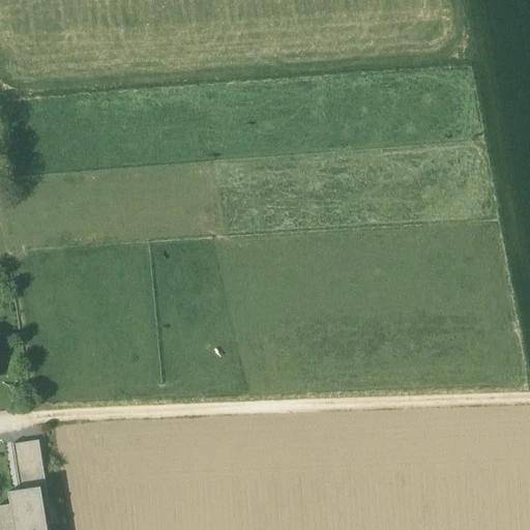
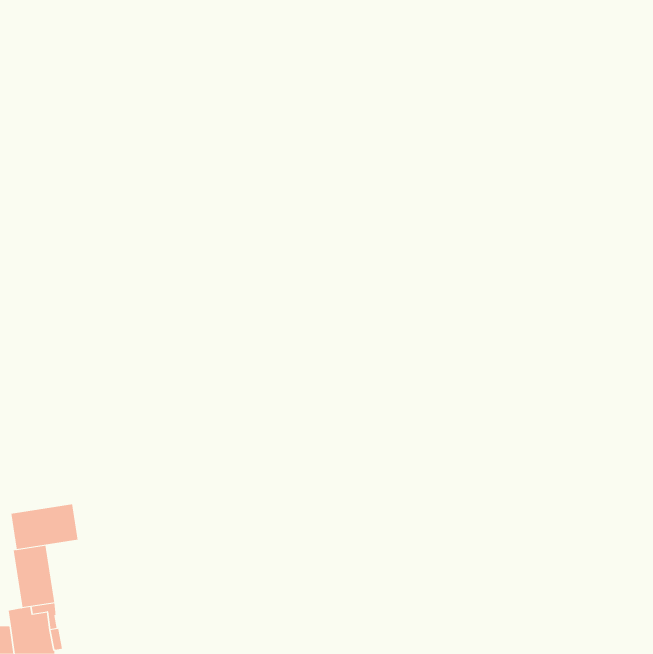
building: none -> [11,504,78,550]

